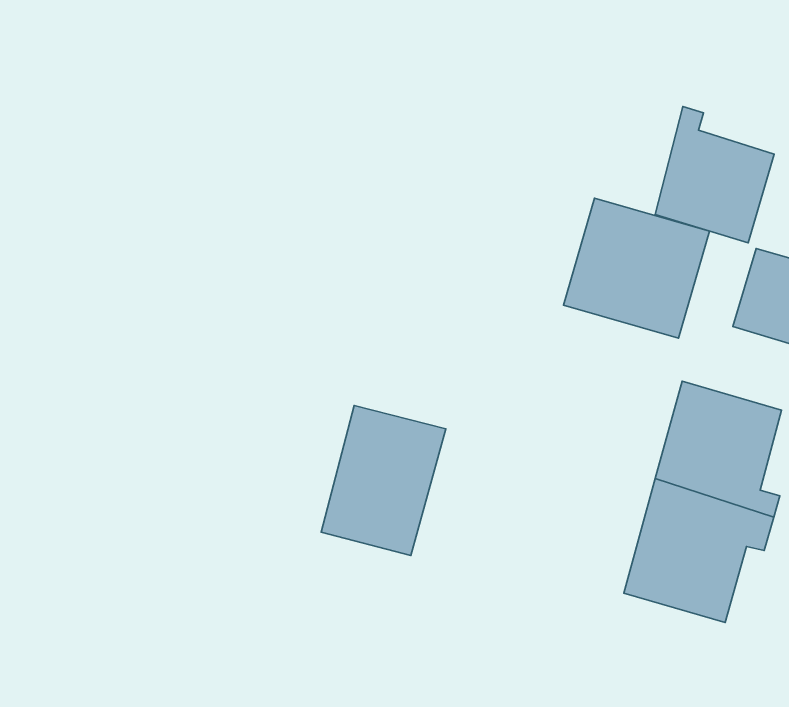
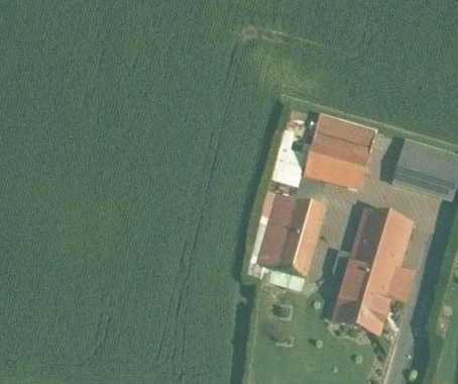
building: [655,106,774,243] -> none
building: [321,405,446,555] -> [260,194,325,272]

